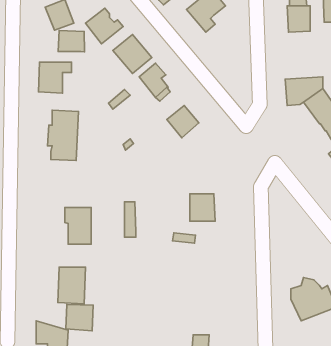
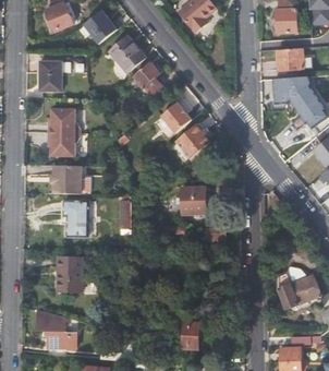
building: [58,30,85,52] -> none
building: none -> [276,48,304,71]
building: none -> [173,125,210,161]
building: none -> [50,165,80,194]
building: [66,304,93,331] -> none

